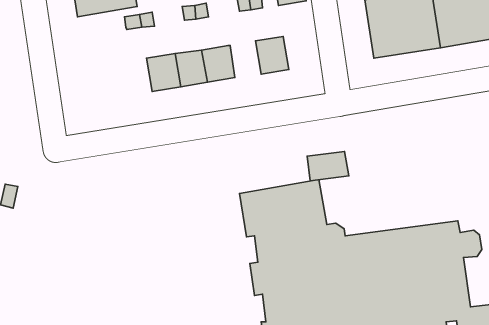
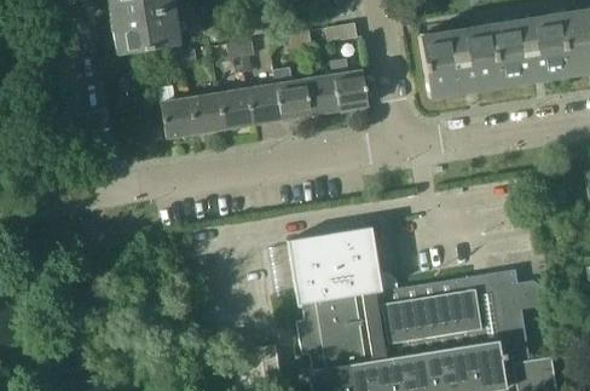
building: none -> [331,58,369,111]
building: none -> [274,68,311,121]
building: none -> [157,86,196,138]
building: [307,152,349,181] -> none

